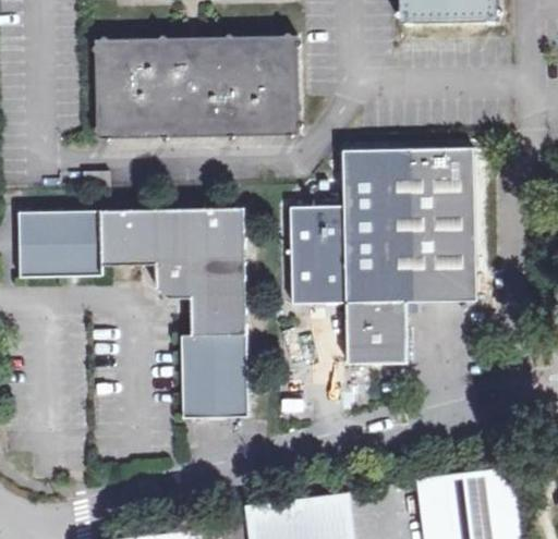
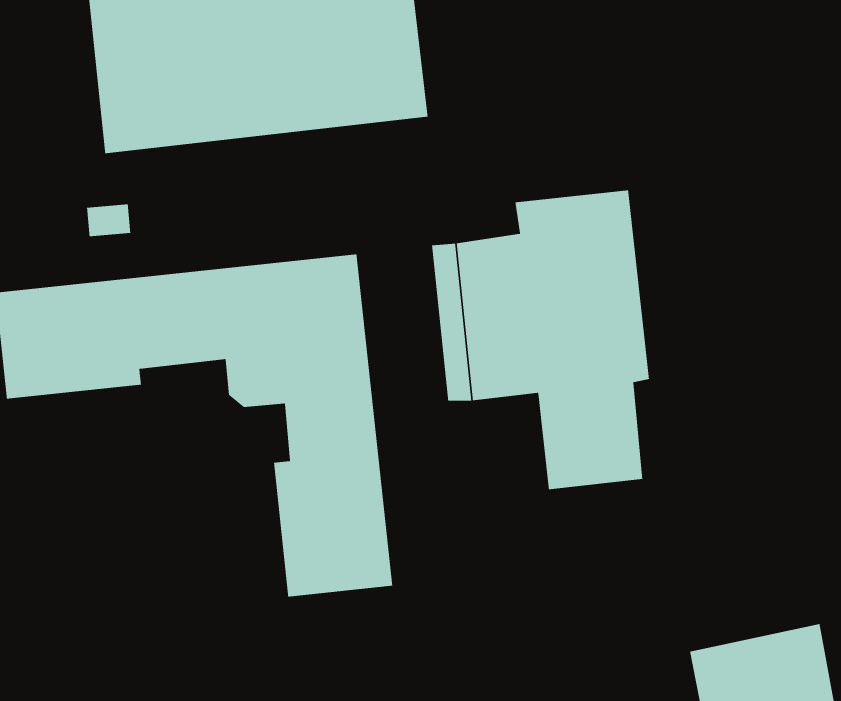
building: [342,148,477,302] -> none

